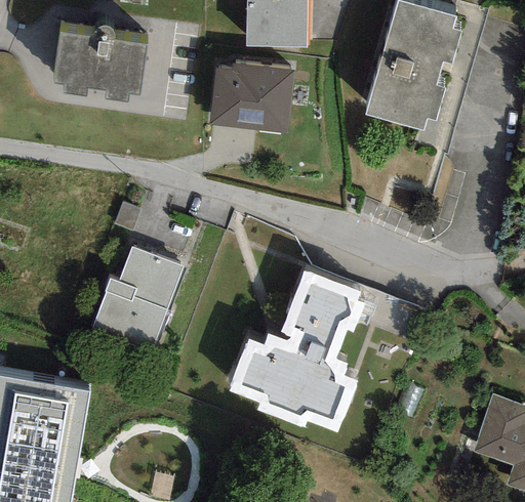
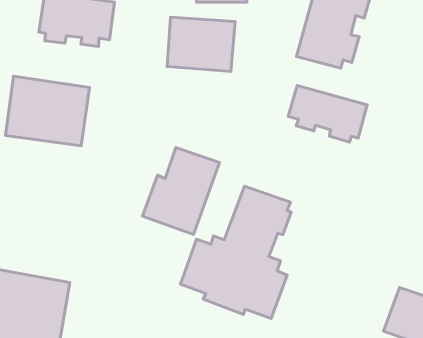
building: none -> [6,76,90,146]
building: none -> [288,85,367,142]
building: [90,244,185,350] -> [142,147,220,234]

